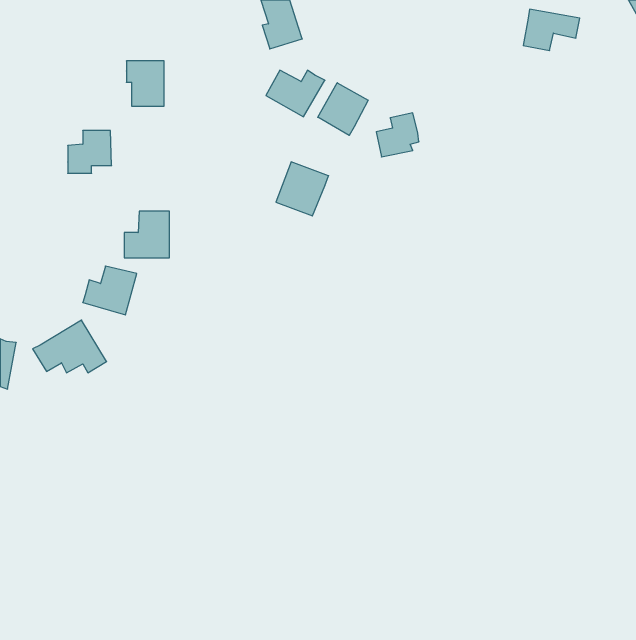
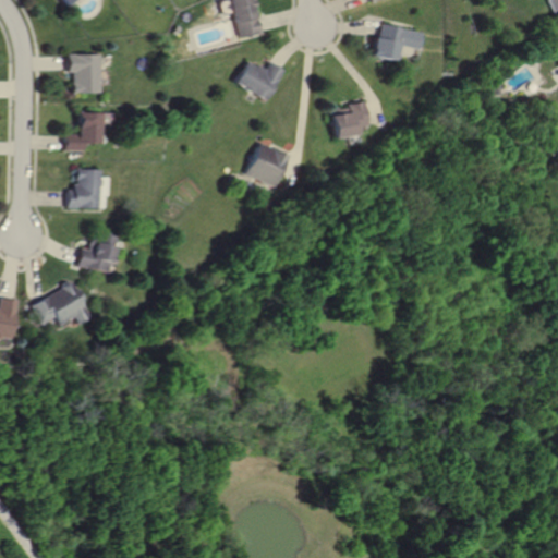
building: [523,9,580,51] -> [374,25,423,61]
building: [126,61,164,106] -> [65,54,98,94]
building: [318,83,368,135] -> none
building: [124,211,169,258] -> [64,168,104,208]

